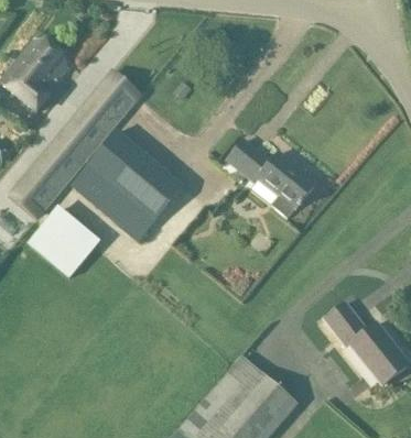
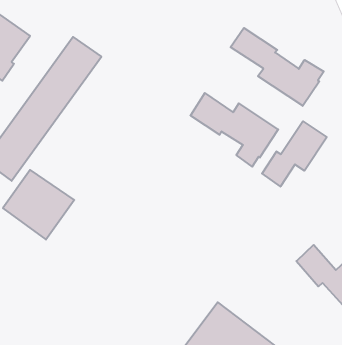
building: none -> [231,28,324,106]
building: [69,130,185,242] -> none
building: none -> [262,121,327,187]

